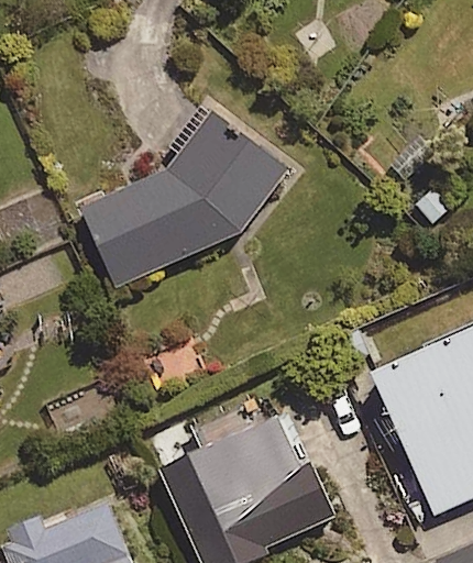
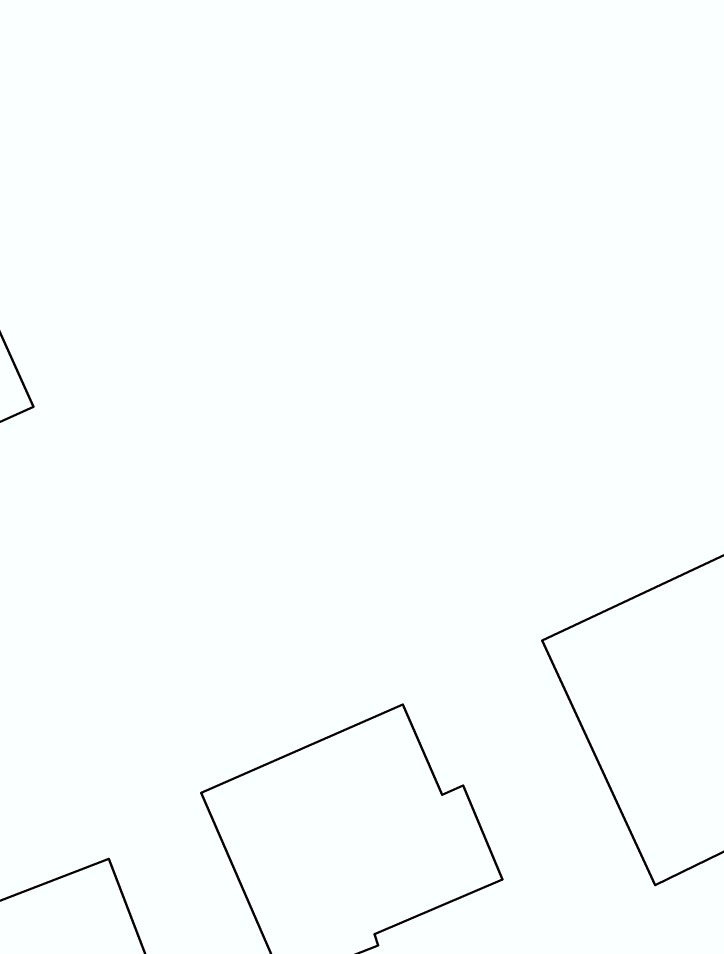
building: [80,108,287,287] -> none

